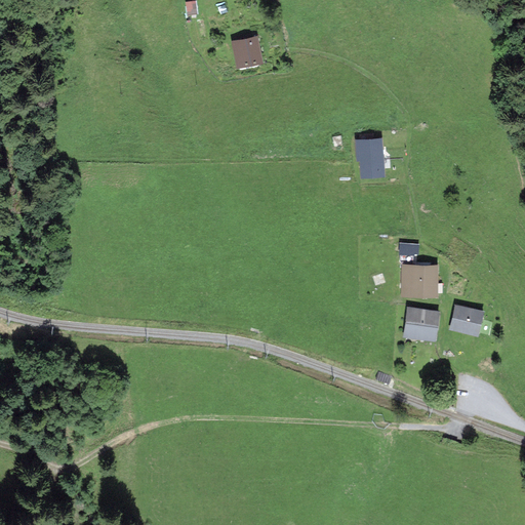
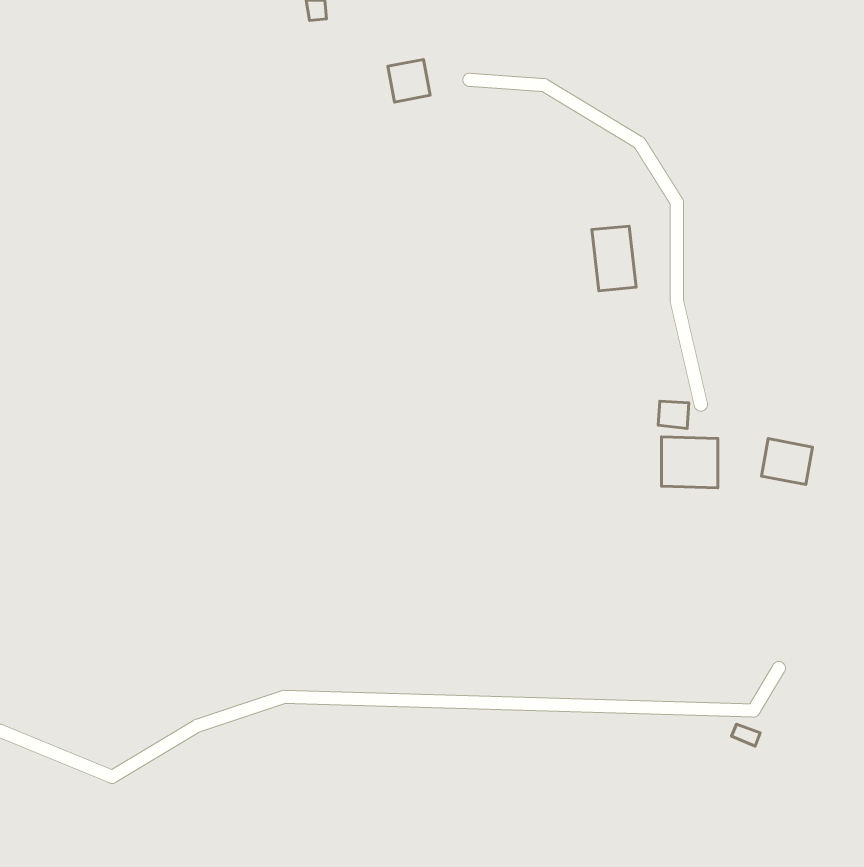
building: [449,306,480,333] -> [761,439,813,485]
building: [404,310,437,338] -> none

